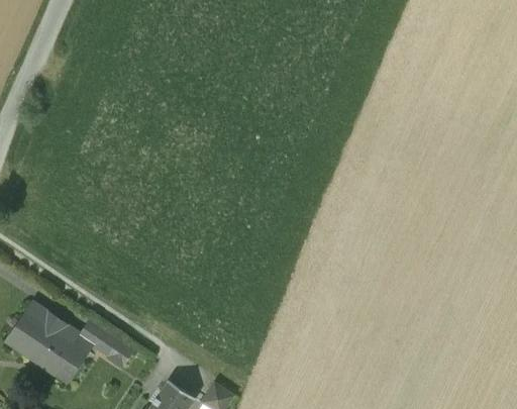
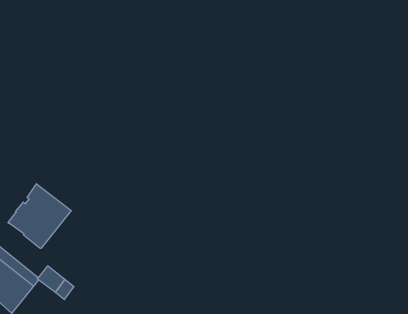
building: none -> [8,184,71,248]

